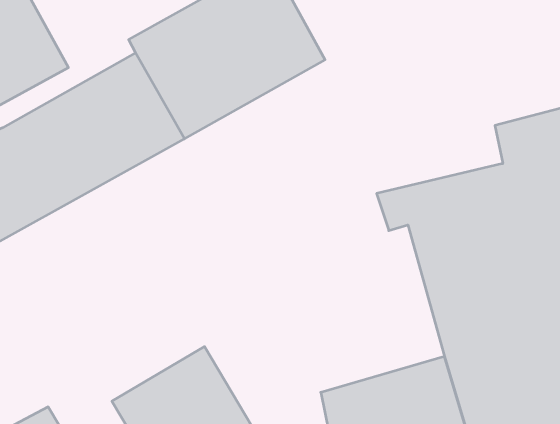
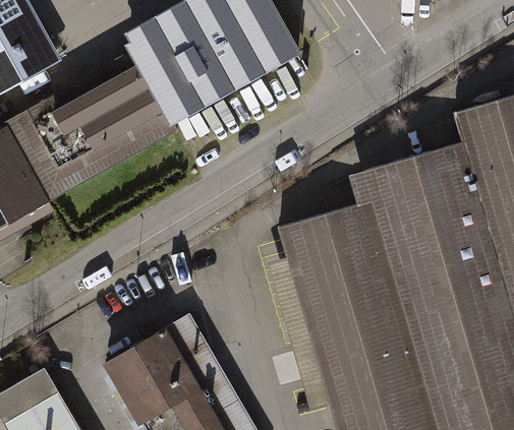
building: none -> [270,205,408,358]

